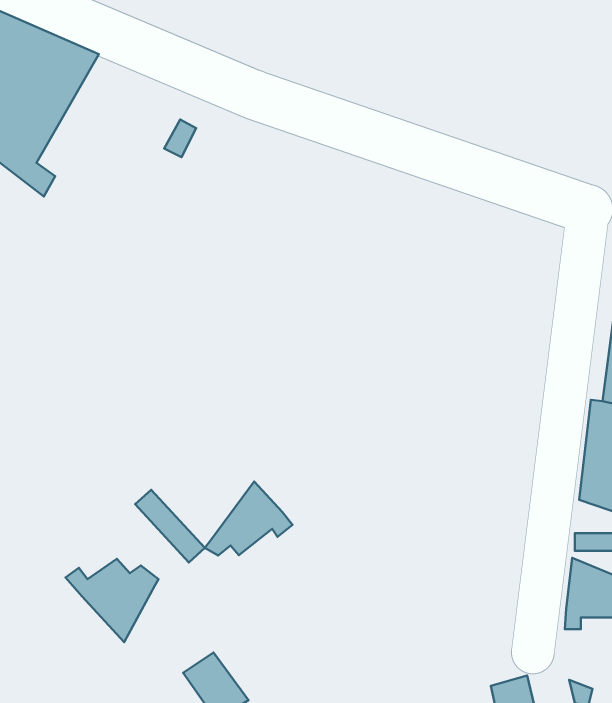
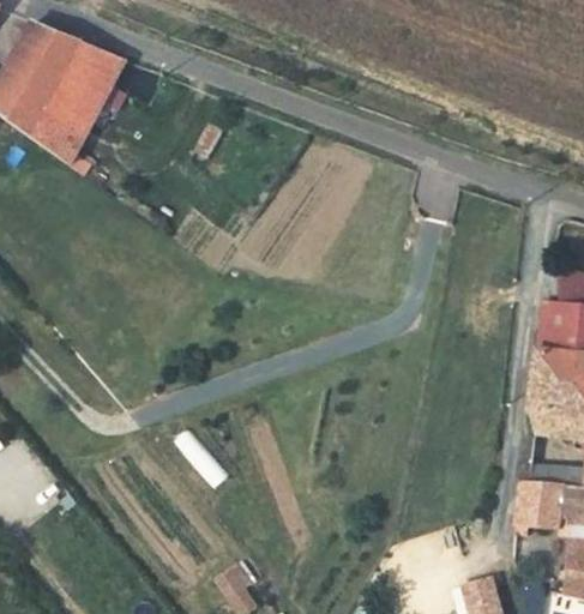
building: [205,482,293,555] -> none
building: [66,559,159,642] -> none

